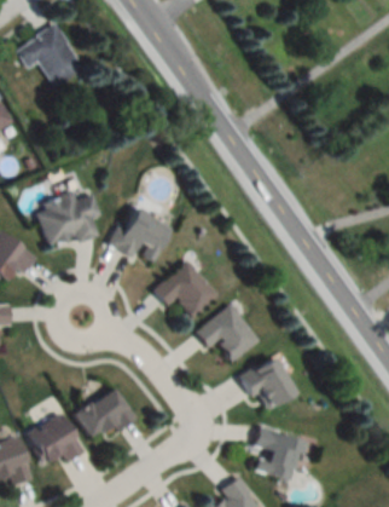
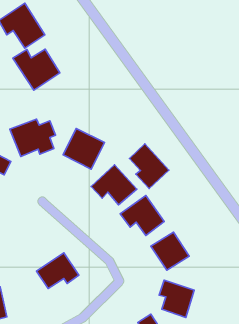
building: none -> [13,49,60,90]
building: none -> [129,144,169,189]
building: [27,414,85,463] -> none

